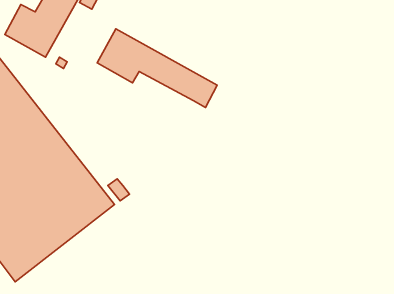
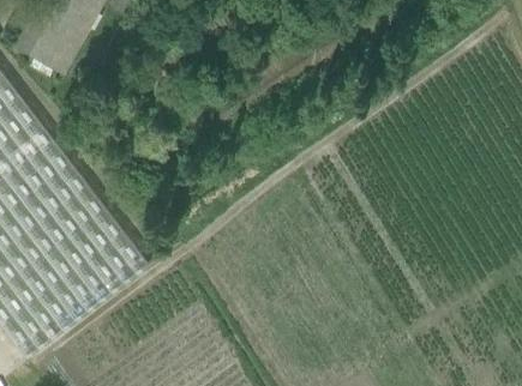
building: [97,29,217,107] -> none

